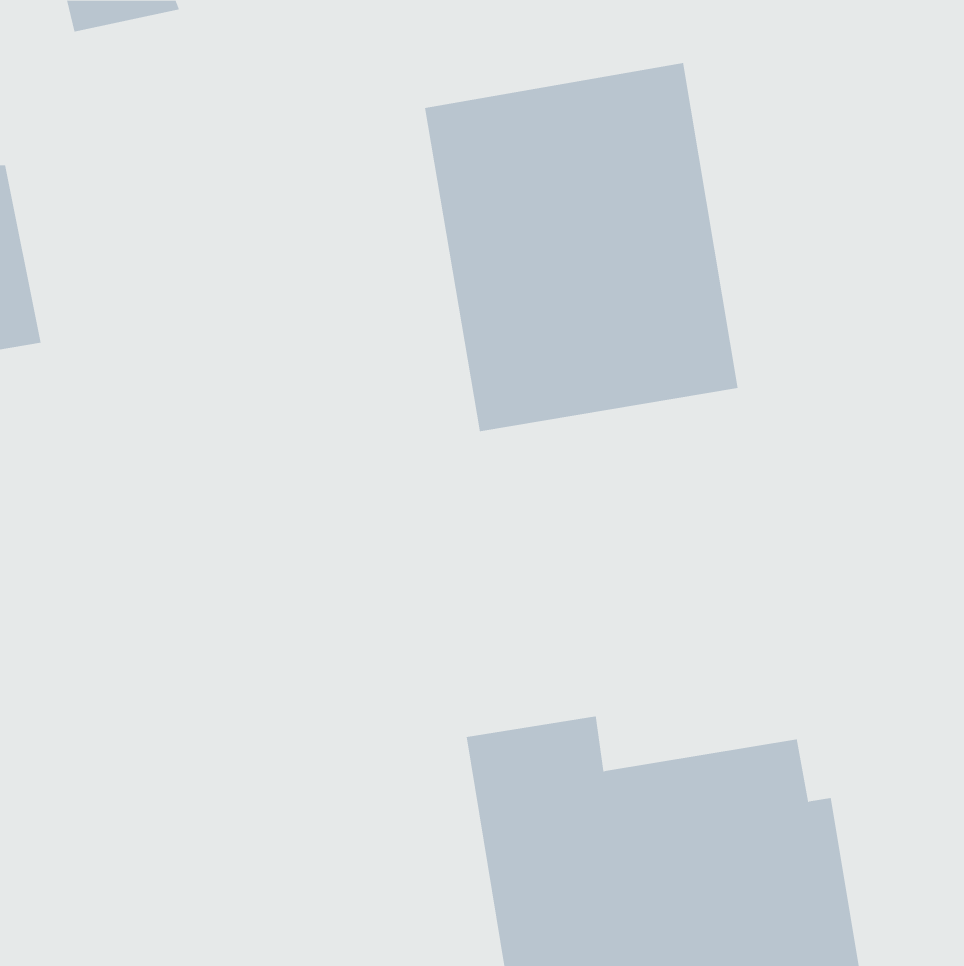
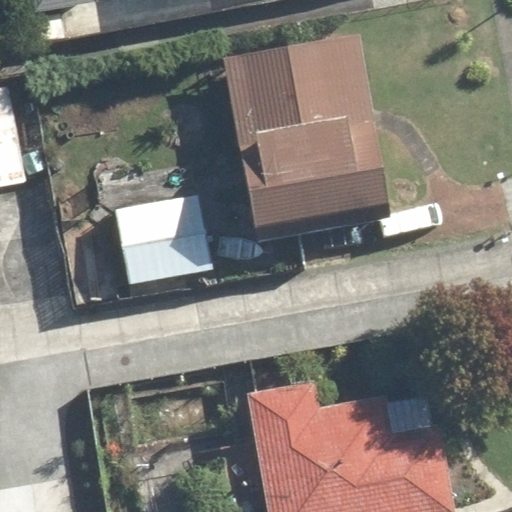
building: none -> [113,206,210,285]

